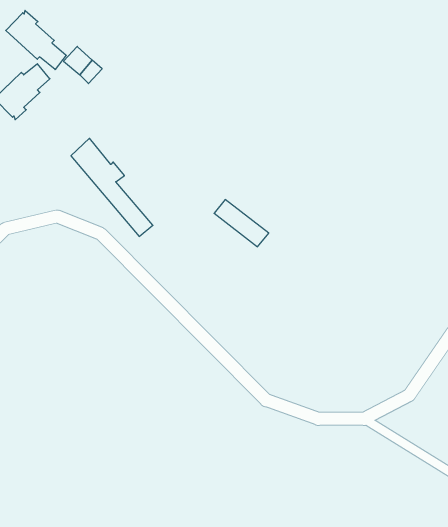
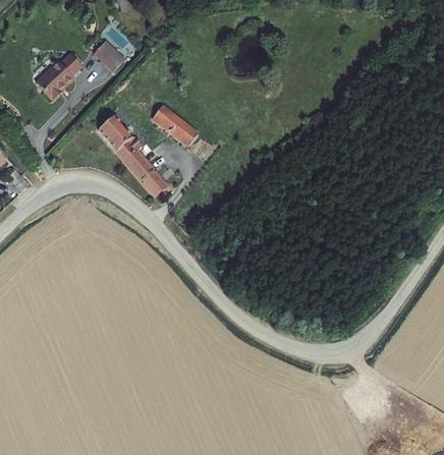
building: [6,10,66,70] -> none
building: [214,200,269,247] -> [153,106,198,145]

